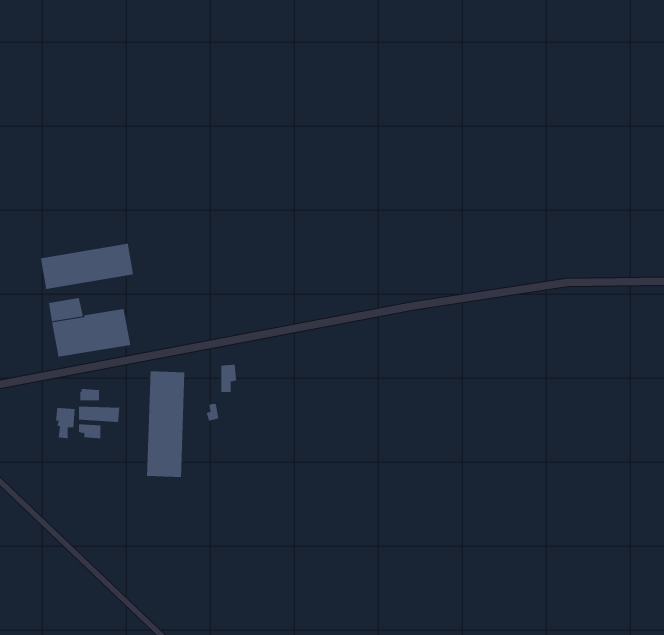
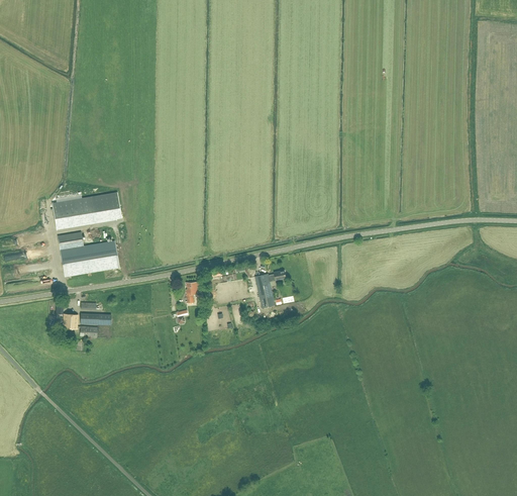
building: none -> [255,271,286,308]
building: [147,371,185,478] -> none

